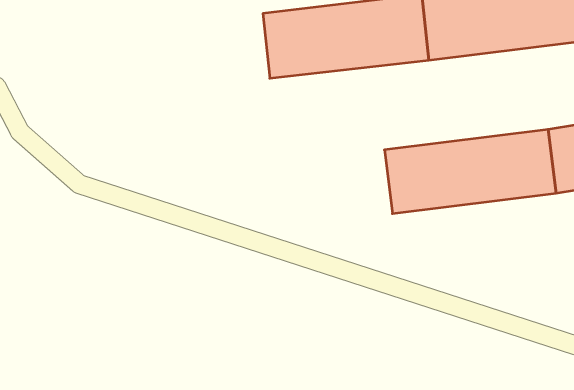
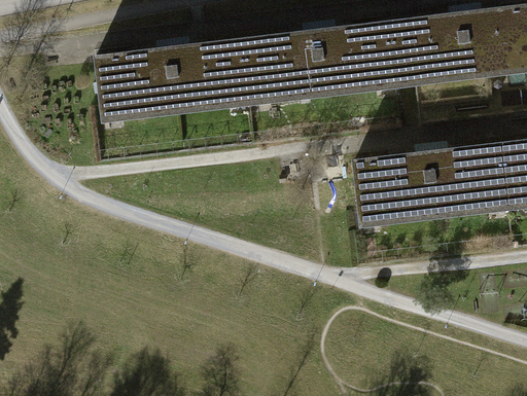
building: none -> [98,42,250,118]

